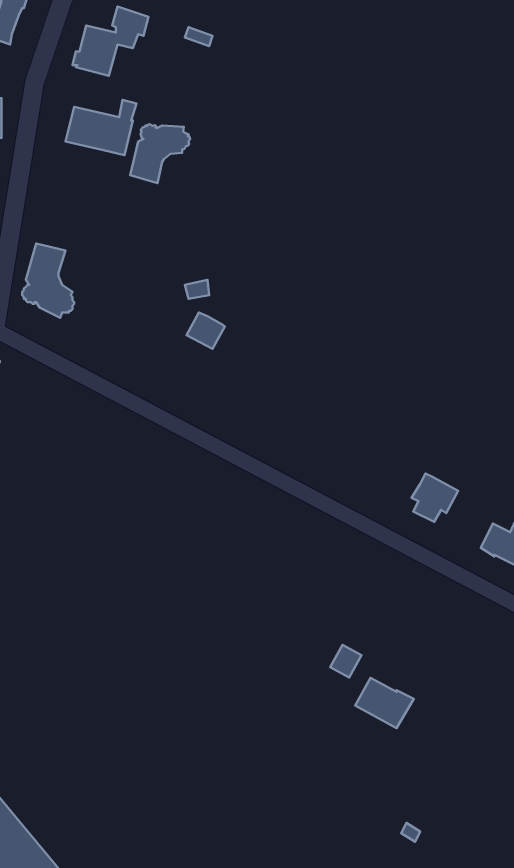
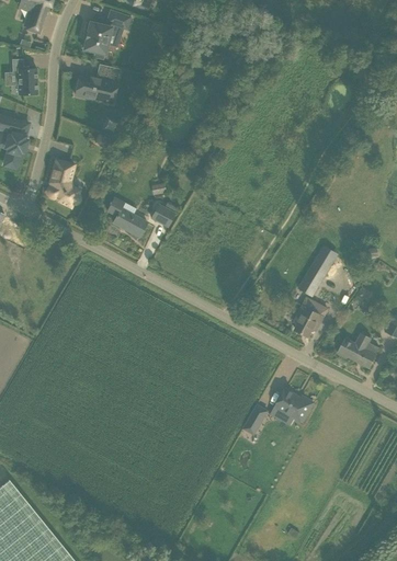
building: [130,124,190,183] -> none
building: none -> [106,196,147,236]
building: none -> [298,253,333,296]
building: [355,678,414,728] -> [275,388,313,420]

